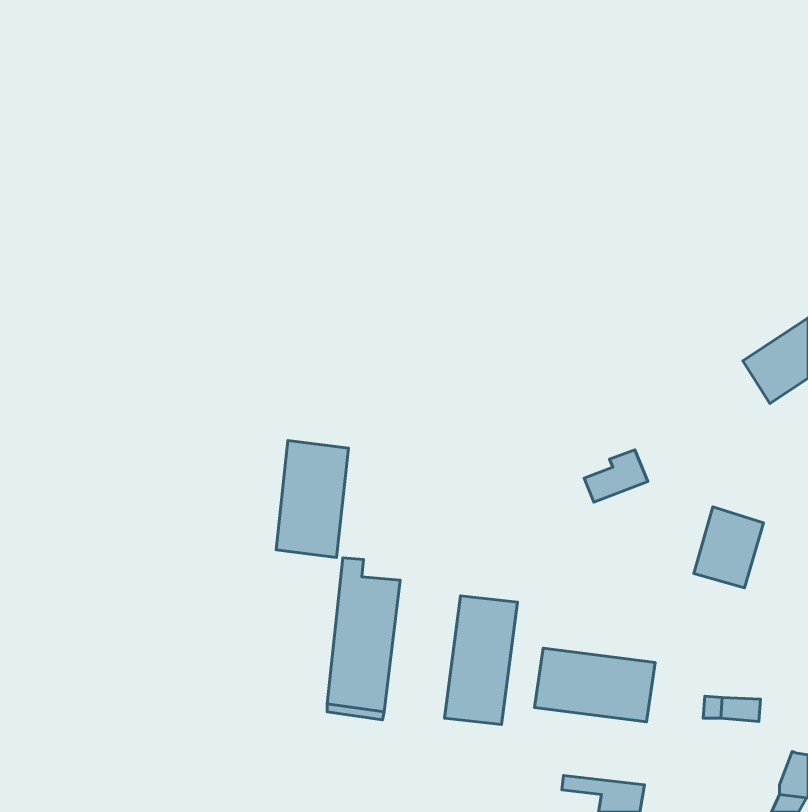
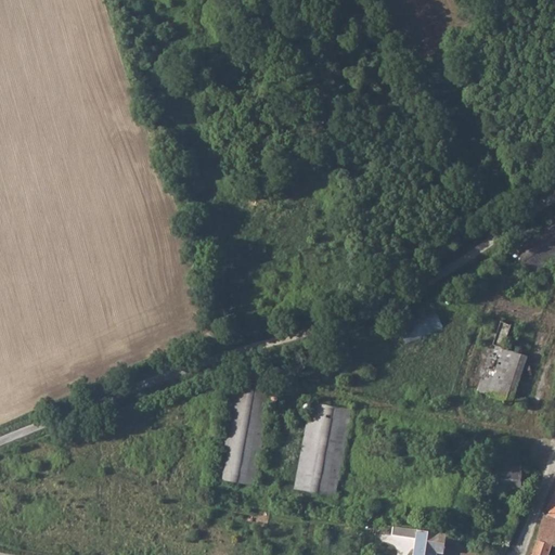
building: [276,440,348,558] -> none
building: [535,648,655,722] -> none

